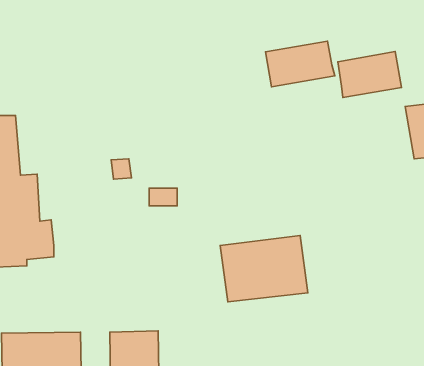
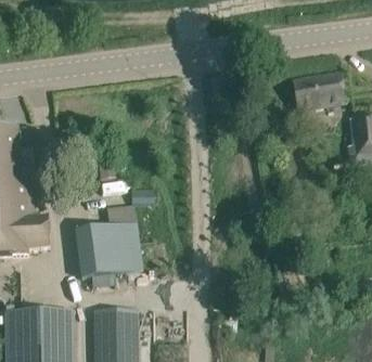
building: [266,41,335,87] -> none
building: [220,235,308,302] -> [75,220,150,276]

